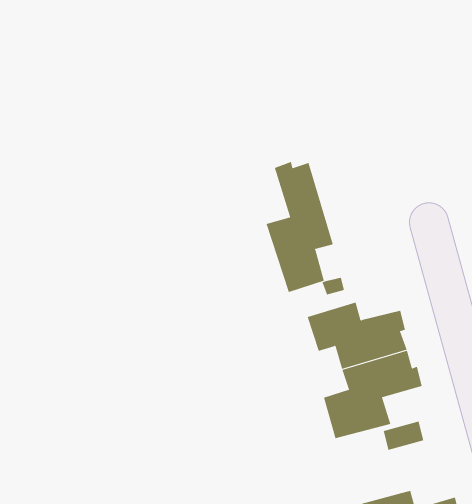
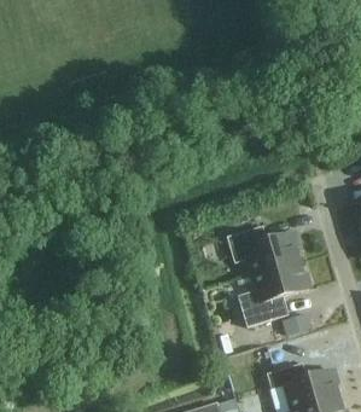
building: [266,161,334,293] -> none

